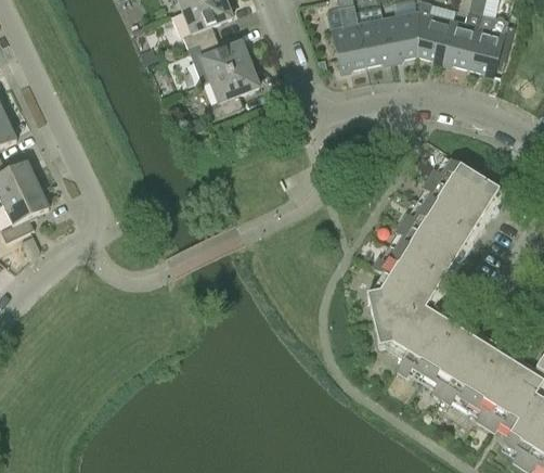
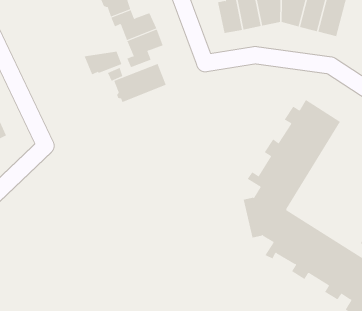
building: none -> [84,51,122,75]
building: none -> [114,63,166,103]

